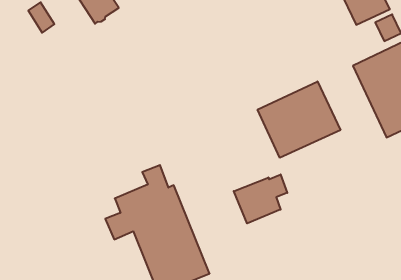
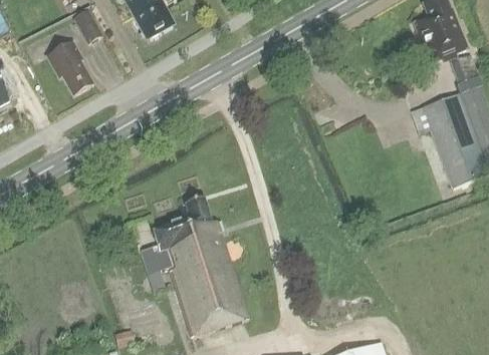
building: none -> [47,41,91,94]
building: [258,81,340,158] -> none
building: [234,174,287,223] -> none

